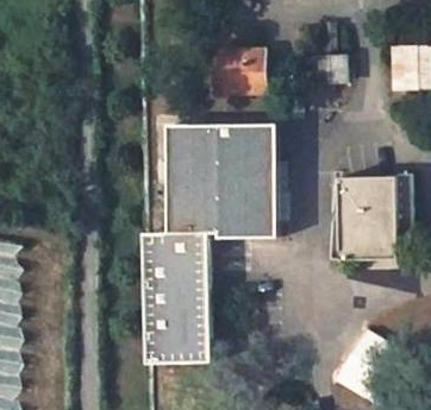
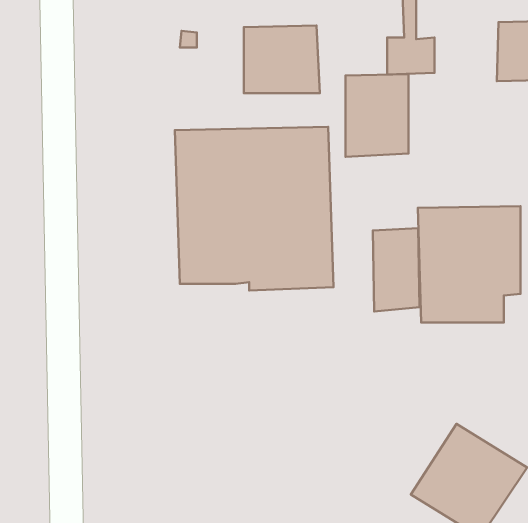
building: none -> [346,74,408,157]
building: none -> [373,228,420,311]
building: [143,231,210,362] -> none

